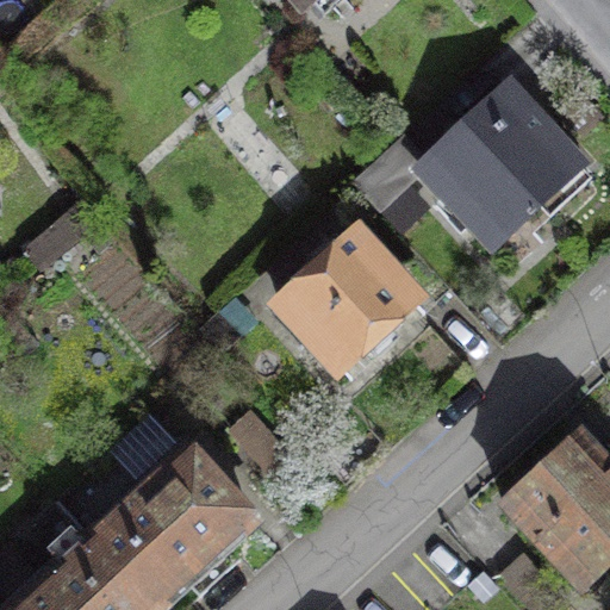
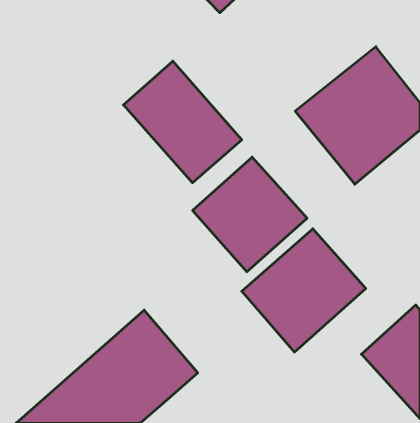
building: none -> [123,61,242,183]
building: none -> [242,229,366,352]

